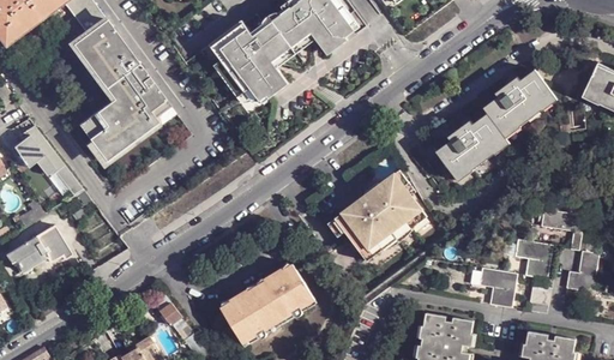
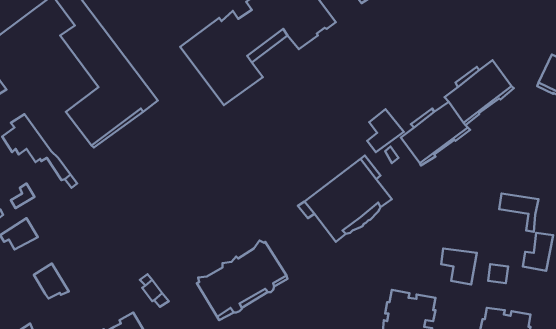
building: none -> [367,109,404,152]
building: [35,224,72,262] -> [34,264,69,298]
building: [514,240,552,280] -> none

